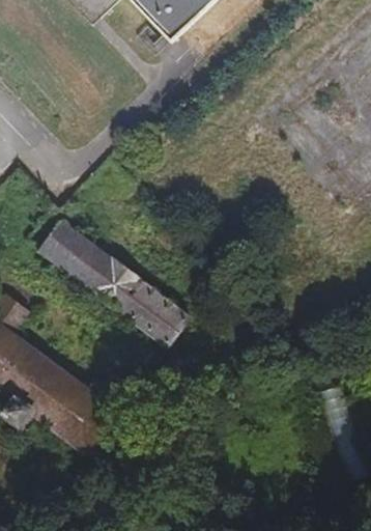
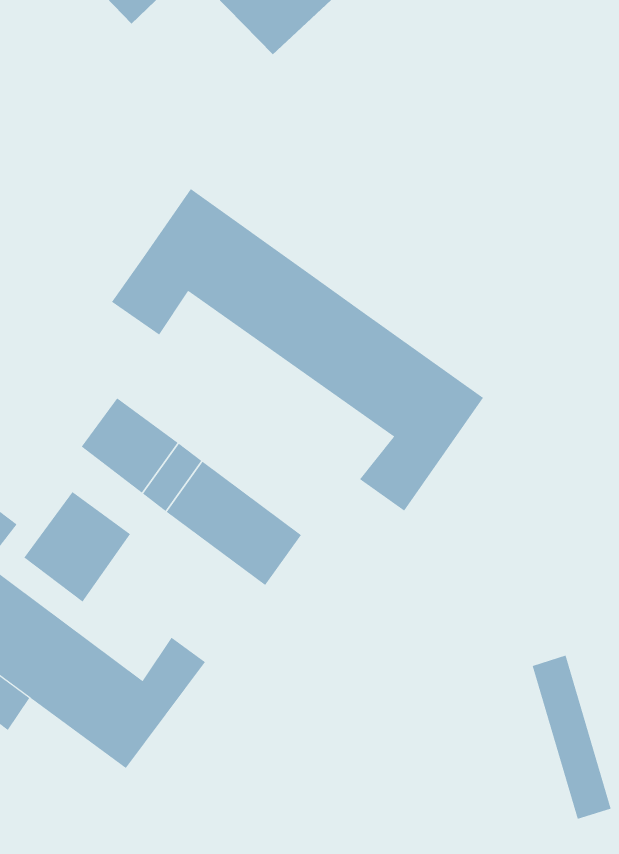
building: none -> [111,188,484,511]
building: [37,218,82,263] -> none
building: none -> [24,491,131,602]

